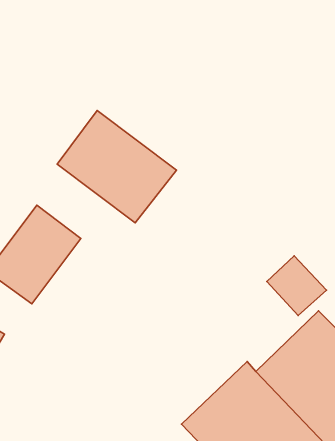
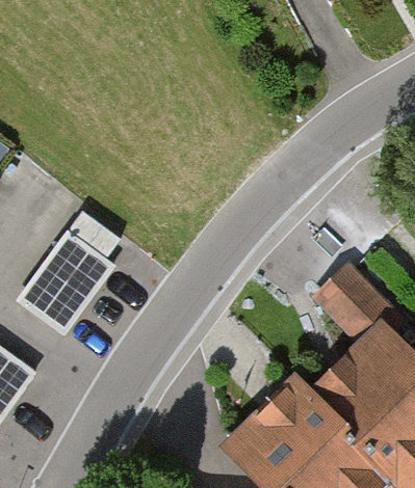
building: [57,111,176,223] -> none

